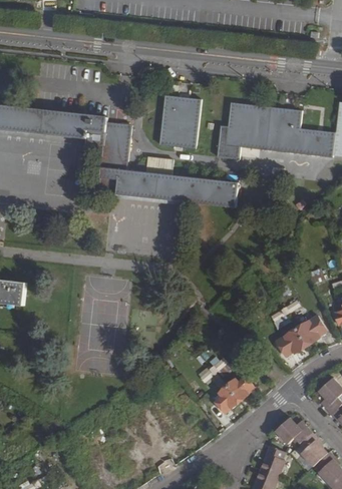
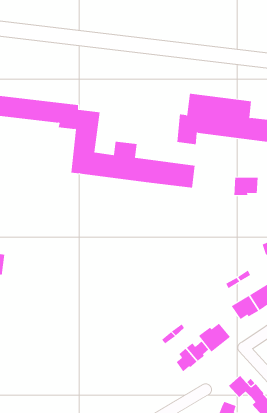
building: [160,96,202,149] -> none
building: none -> [234,177,258,196]
building: none -> [198,323,231,353]

